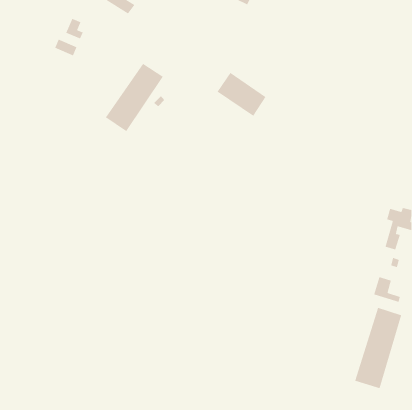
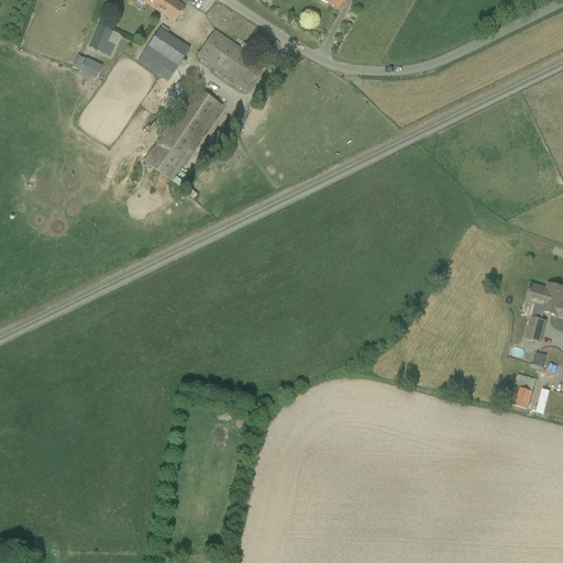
building: none -> [141,27,189,79]
building: [216,72,266,117] -> [197,29,265,90]
building: [354,307,402,389] -> none

